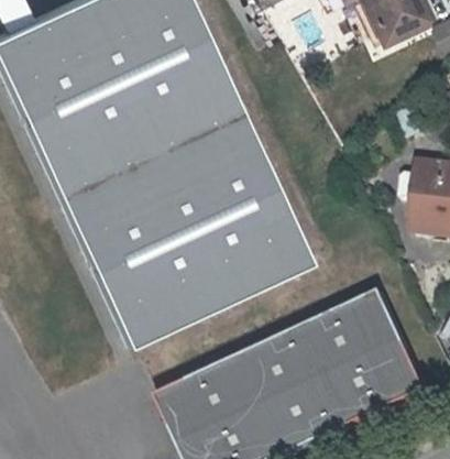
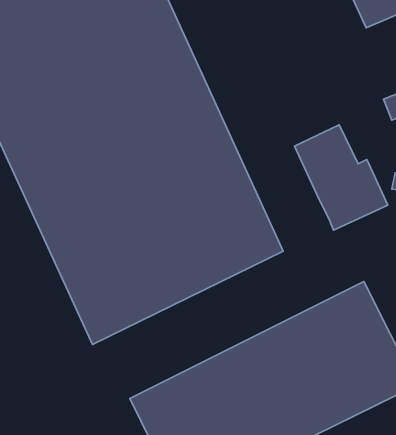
building: none -> [295,125,388,230]

